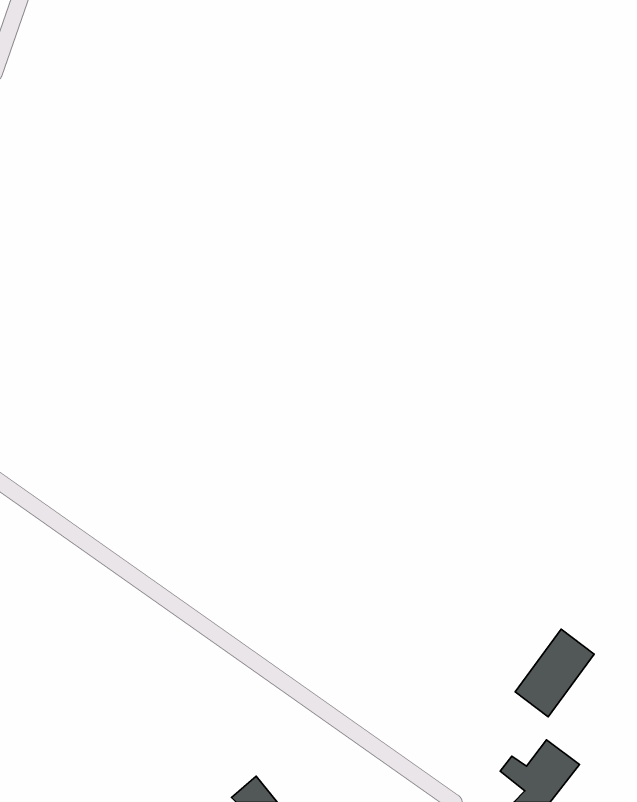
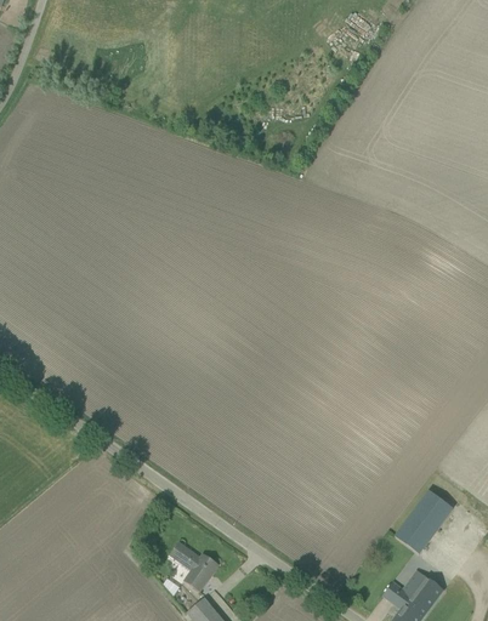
building: none -> [170,542,217,591]

